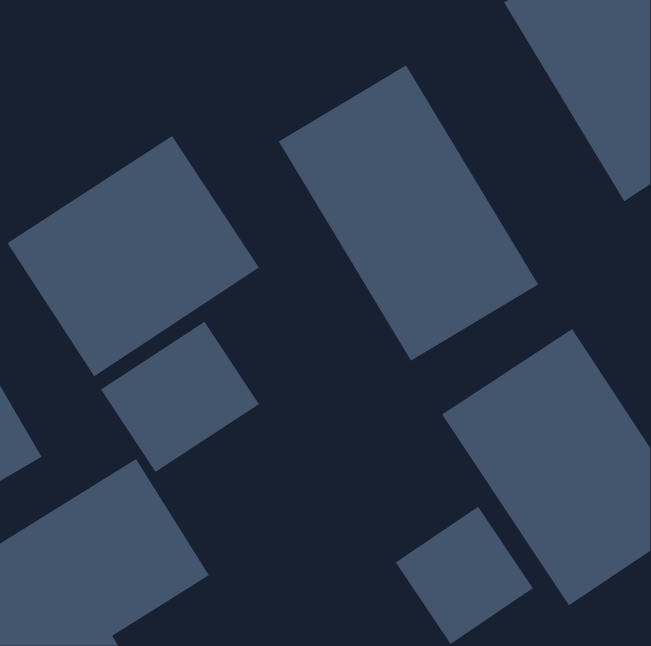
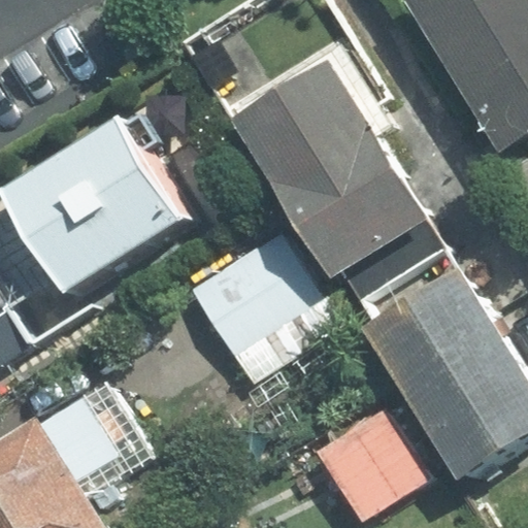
building: none -> [194,233,345,385]
building: [100,321,260,473] -> none

